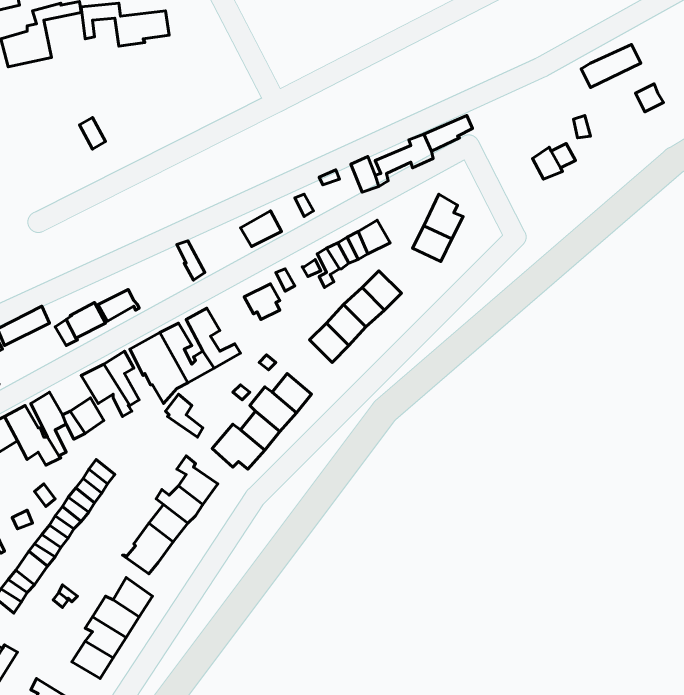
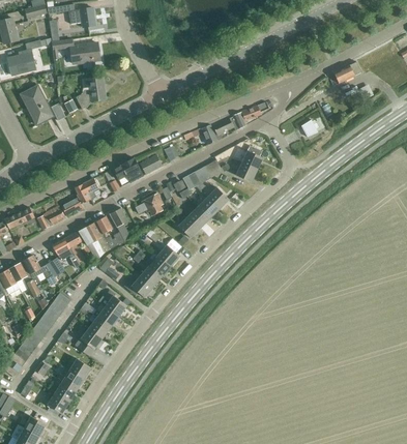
building: none -> [75,77,105,110]
building: none -> [20,86,52,124]
building: none -> [112,157,143,186]
building: none -> [74,178,100,204]

